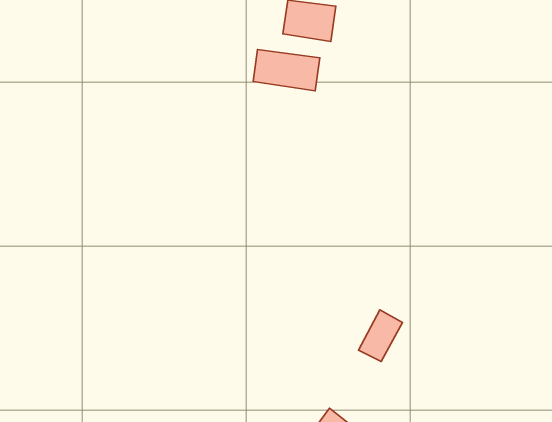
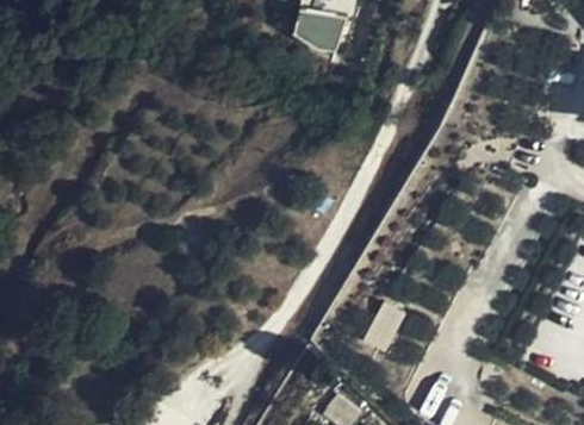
building: [253,50,320,91] -> none

